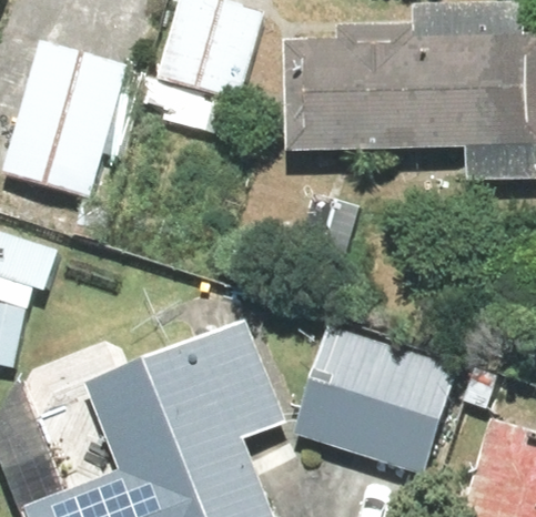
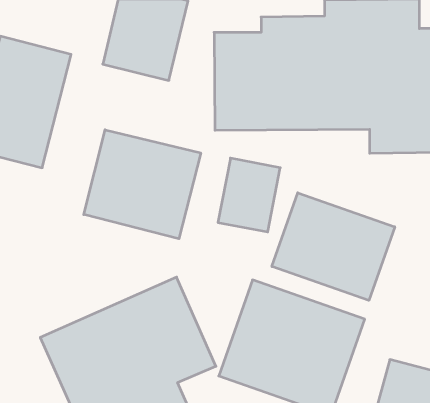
building: none -> [84,130,201,239]
building: none -> [272,193,395,300]

